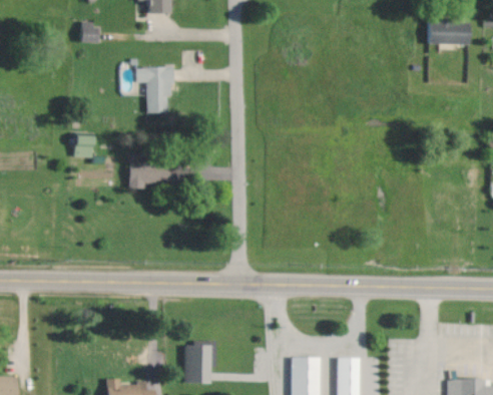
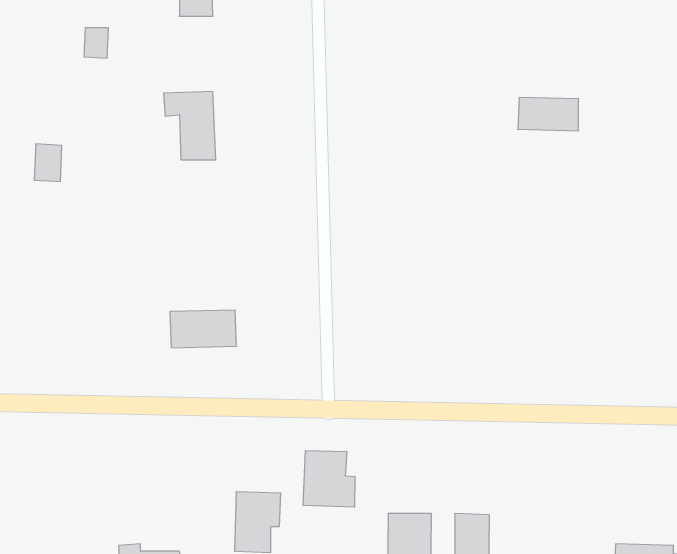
building: [426,21,468,44] -> [518,97,579,131]
building: [72,131,91,157] -> [34,144,62,182]
building: [127,160,173,186] -> [170,310,237,348]
building: none -> [303,451,355,507]

